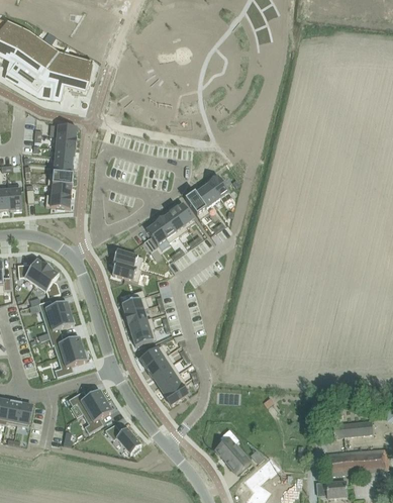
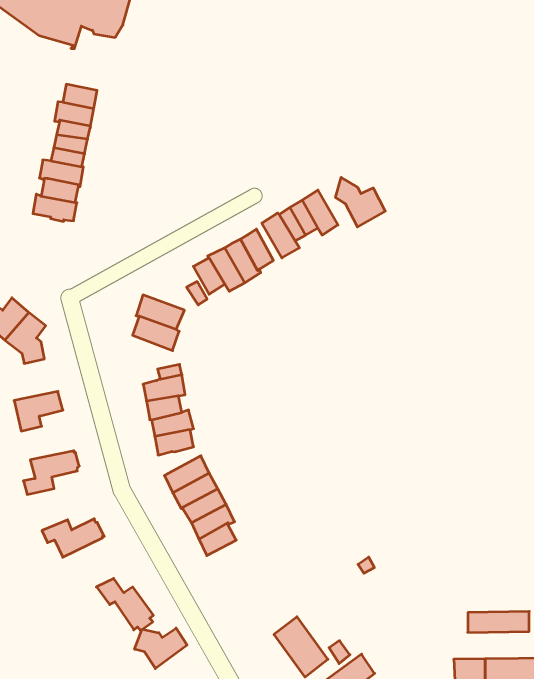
building: none -> [336,177,385,227]
building: [38,299,70,320] -> none
building: [50,334,83,356] -> none
building: [82,399,112,432] -> none
building: none -> [135,628,187,669]

